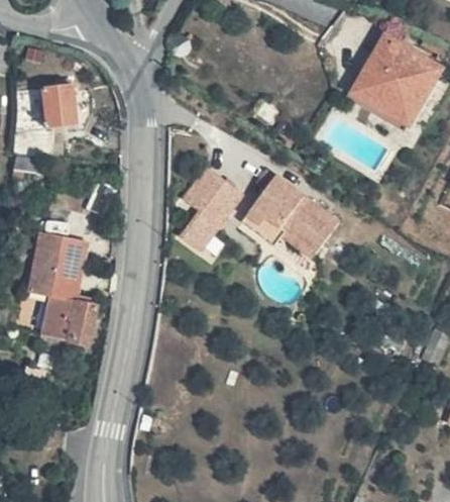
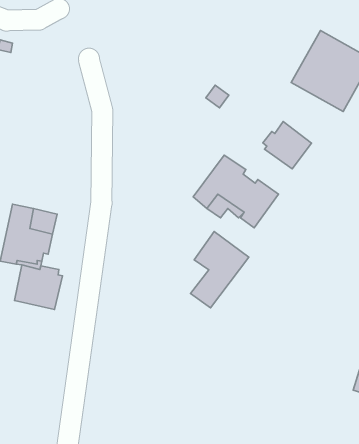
building: [41,85,76,126] -> none
building: none -> [263,121,311,169]
building: [179,167,243,252] -> [191,232,249,308]

